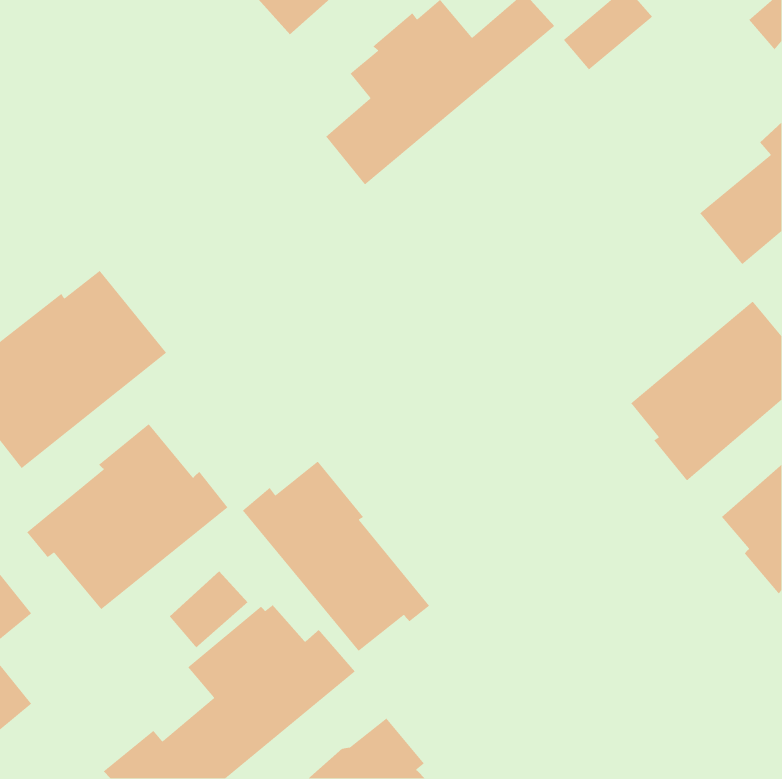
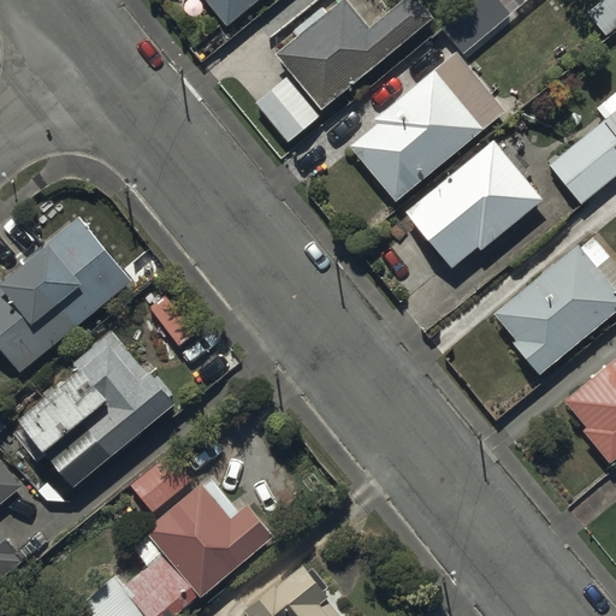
building: none -> [350,54,505,205]
building: none -> [405,142,544,272]
building: [242,460,430,652] -> none

